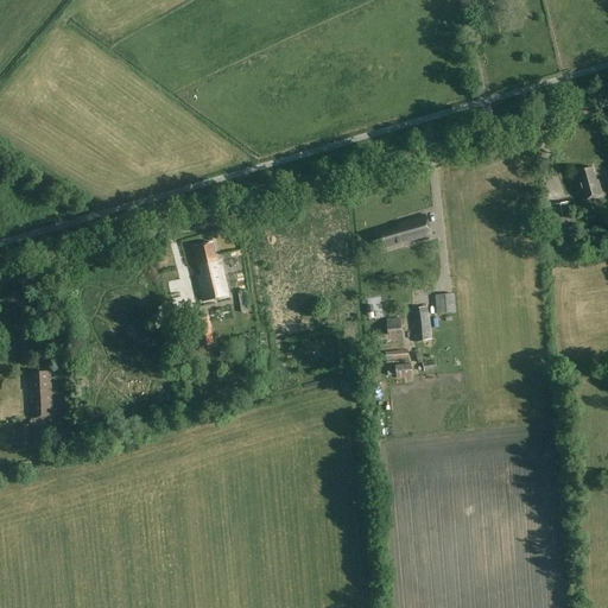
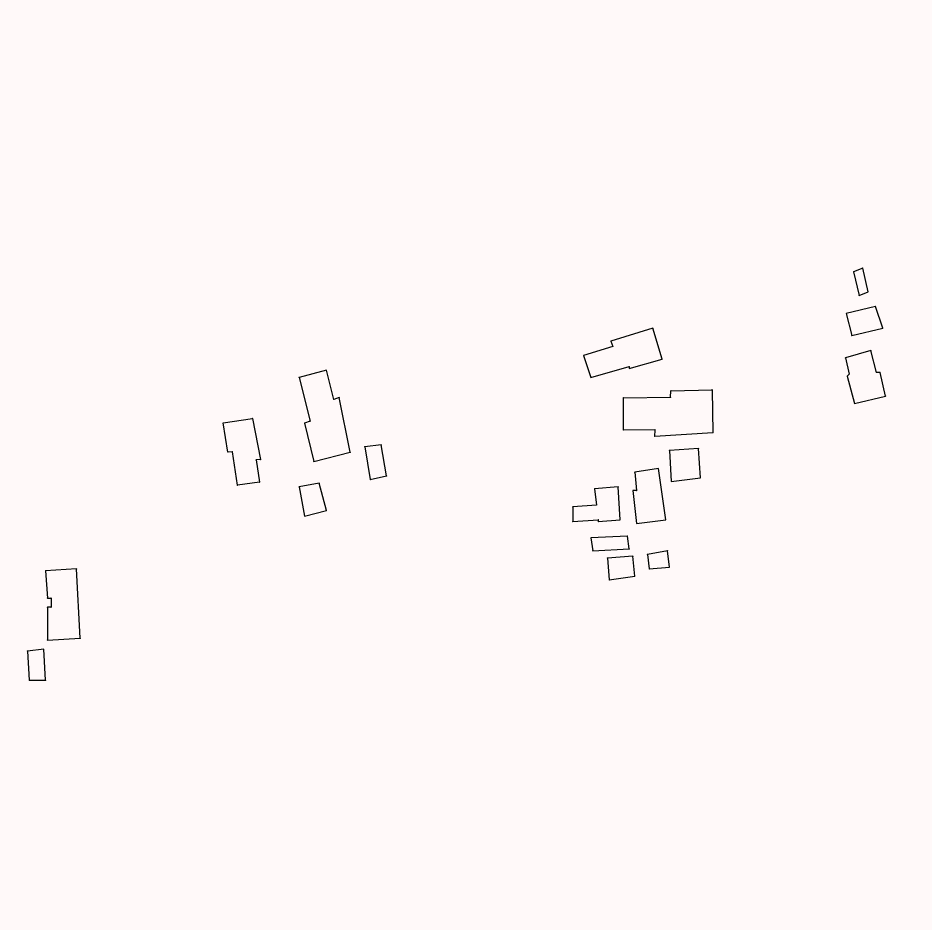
building: [576,165,602,200] -> [845,351,886,403]
building: none -> [623,390,713,436]
building: none -> [223,418,261,485]

